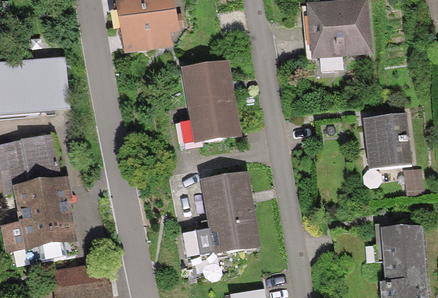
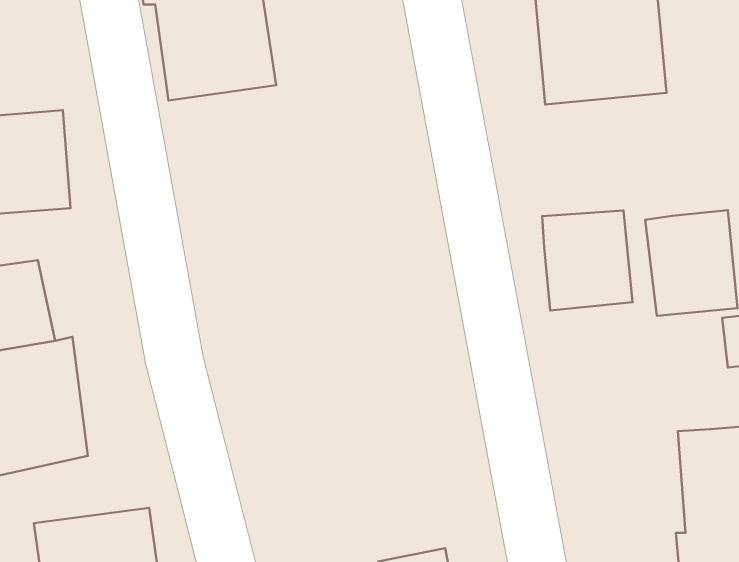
building: [174,63,239,147] -> none
building: none -> [542,211,633,310]
building: [181,175,260,261] -> none

